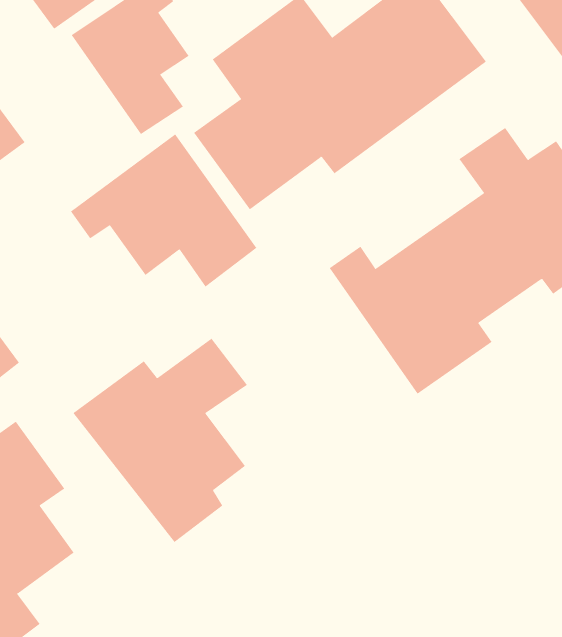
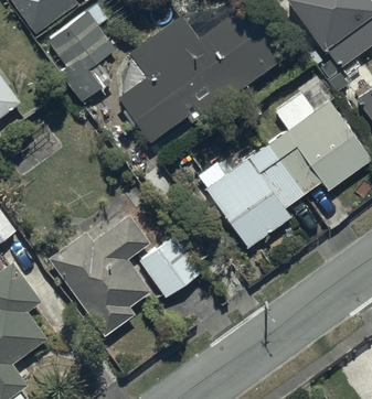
building: [70,133,257,287] -> none
building: none -> [137,233,203,299]

